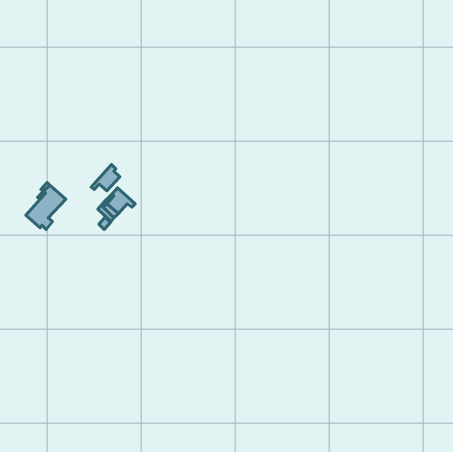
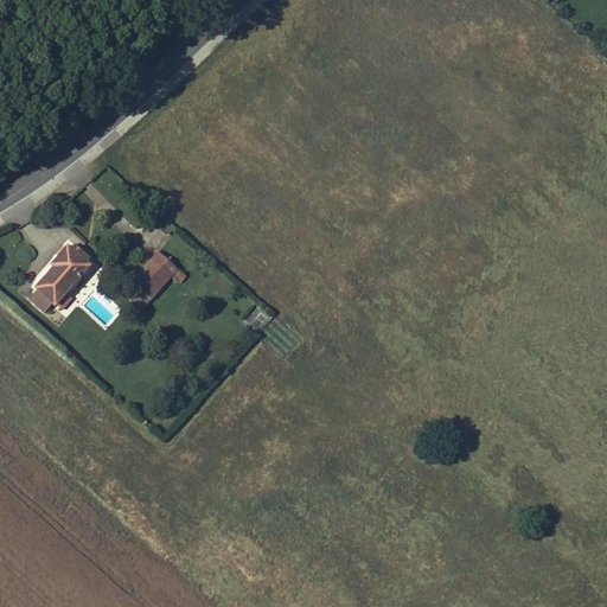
building: [91,165,120,191] -> none

